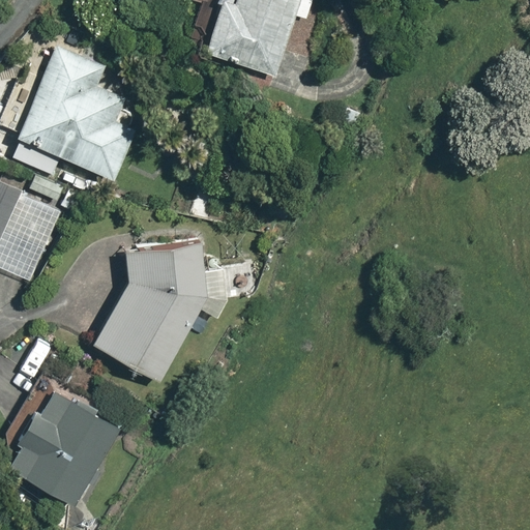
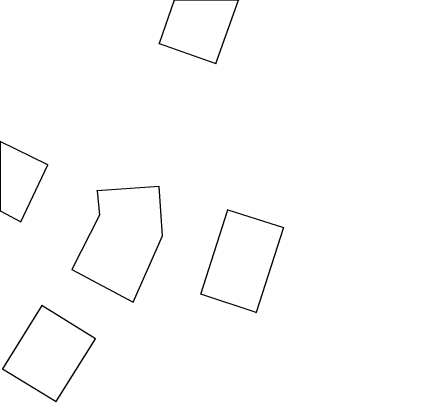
building: [14,50,153,181] -> none
building: none -> [201,210,284,313]

